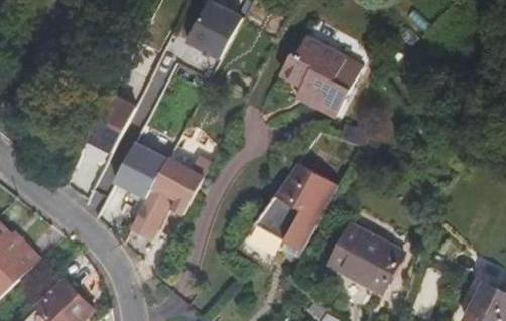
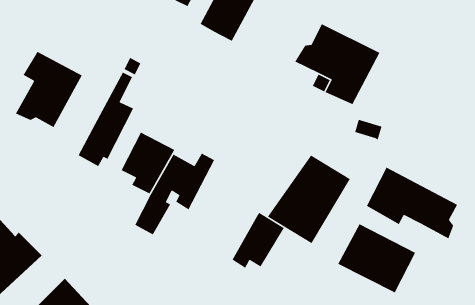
building: none -> [15,51,83,128]
building: none -> [366,166,458,240]
building: none -> [231,212,285,269]

